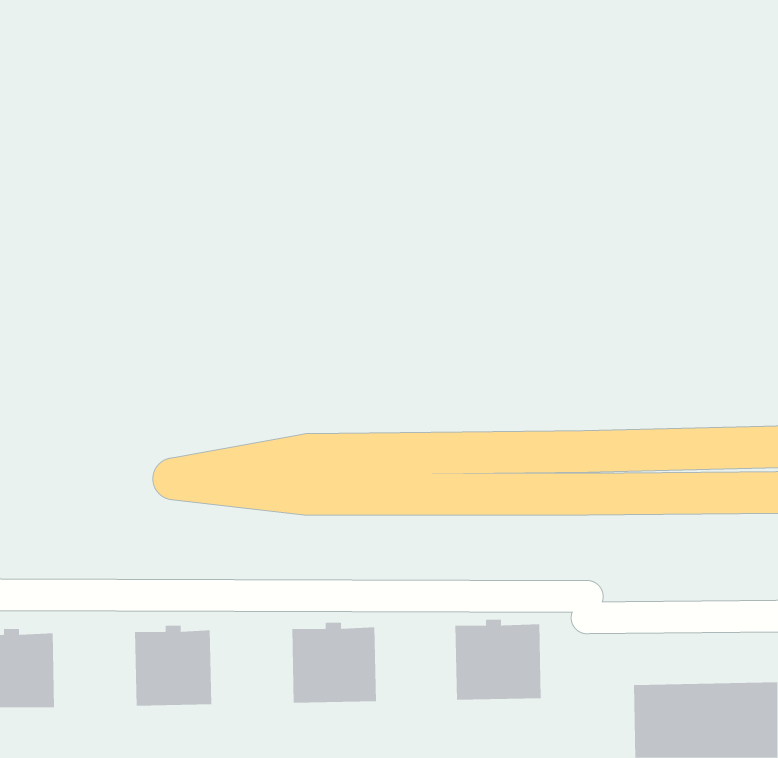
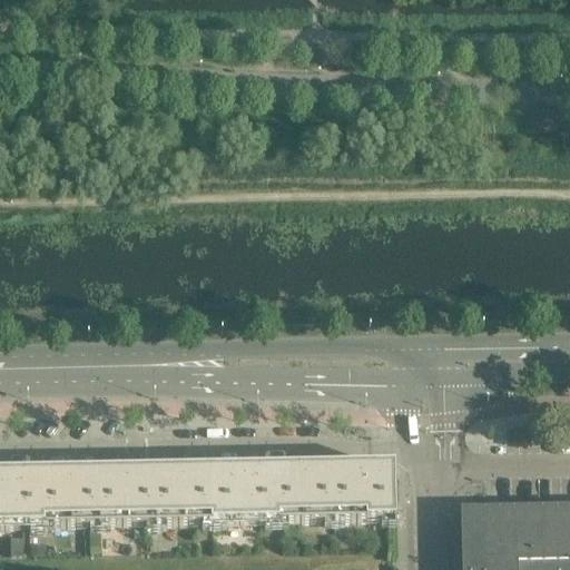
building: none -> [274,453,333,512]
building: none -> [154,455,214,514]
building: none -> [39,458,99,517]

